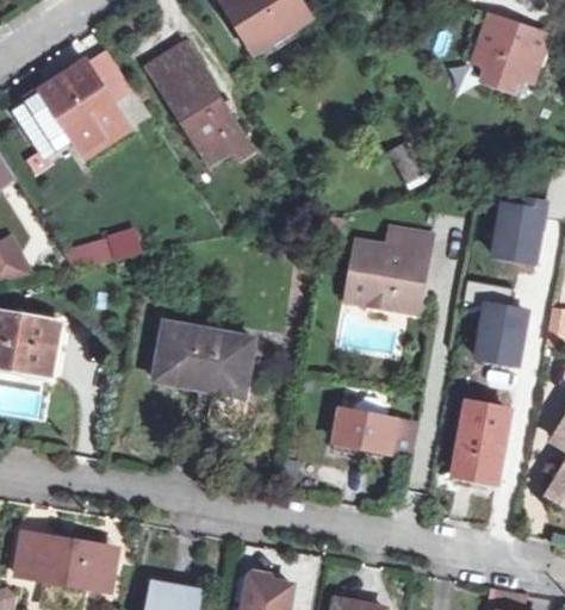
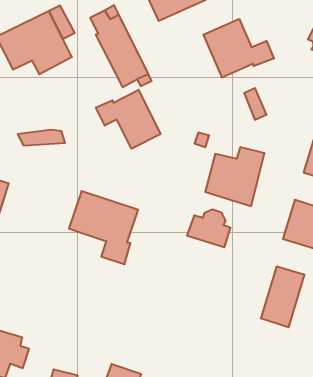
building: none -> [203,19,274,78]
building: none -> [96,90,161,149]
building: [335,397,398,450] -> [187,209,231,247]

